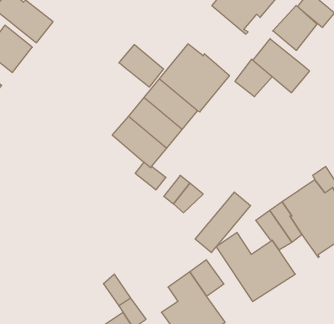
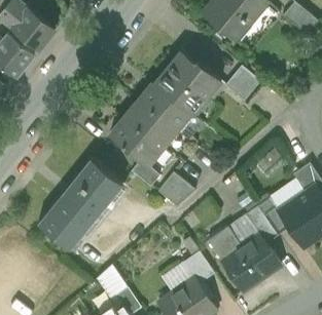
building: [273,5,317,50] -> none
building: [253,39,309,93] -> none
building: [119,45,164,87] -> none
building: none -> [38,159,120,247]
building: [195,192,251,253] -> none

